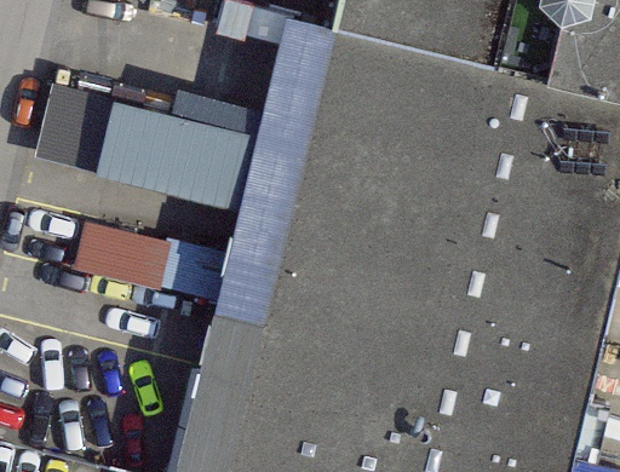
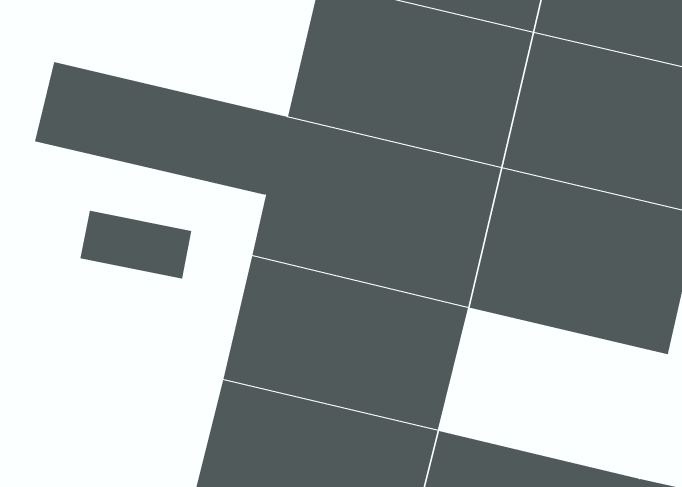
building: [400,307,602,457] -> none

